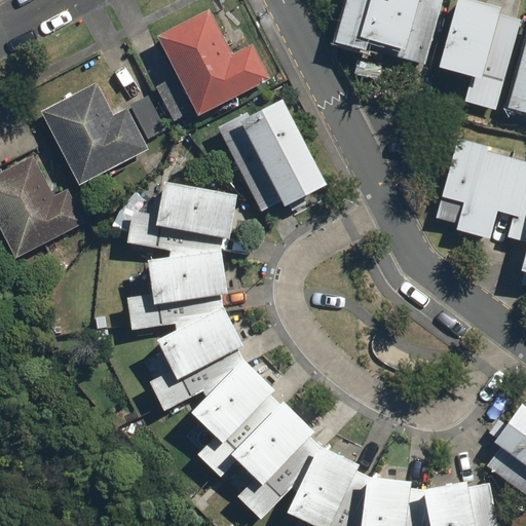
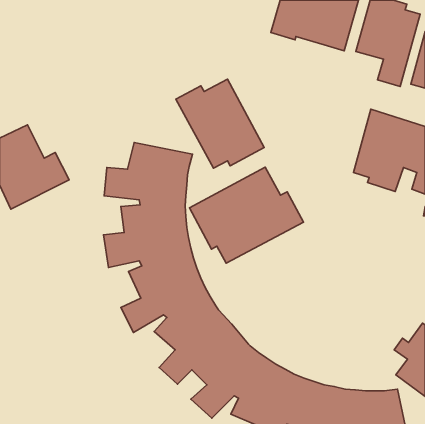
building: [141,15,255,123] -> none
building: [42,85,152,190] -> none
building: none -> [189,167,303,263]

